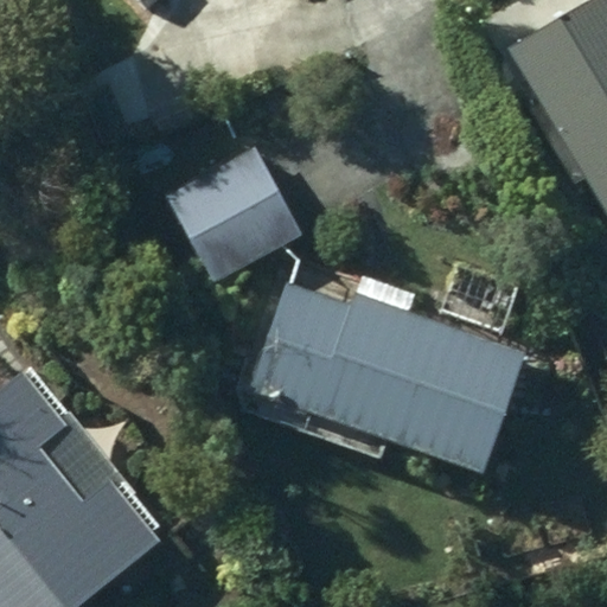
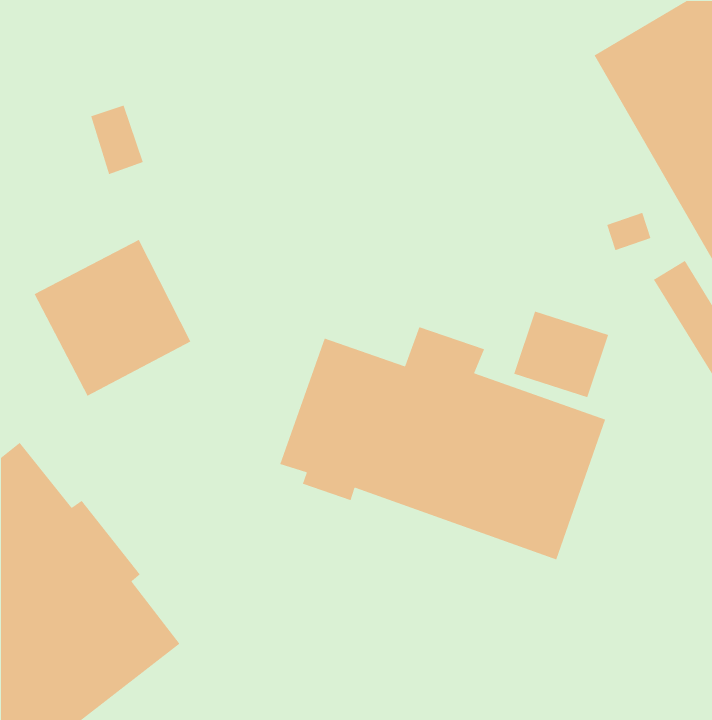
building: [166,149,299,282] -> [34,239,191,397]

